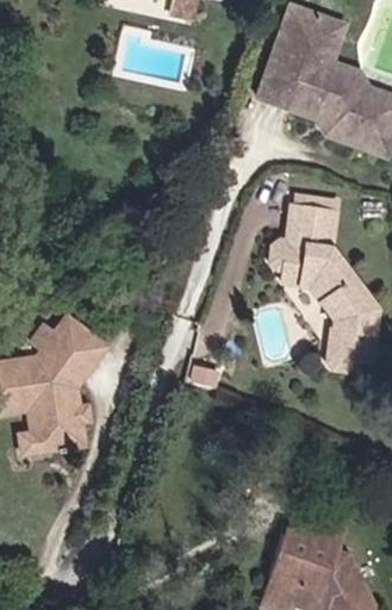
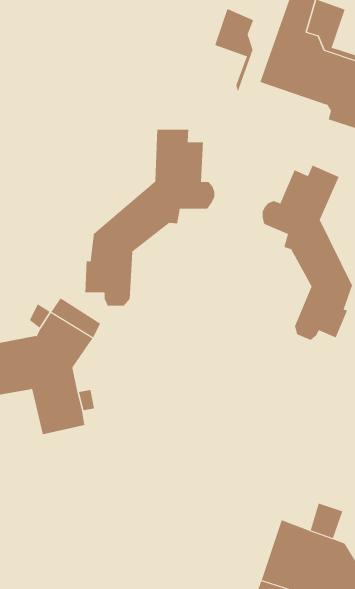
building: none -> [214,8,254,93]
building: none -> [85,129,215,306]

